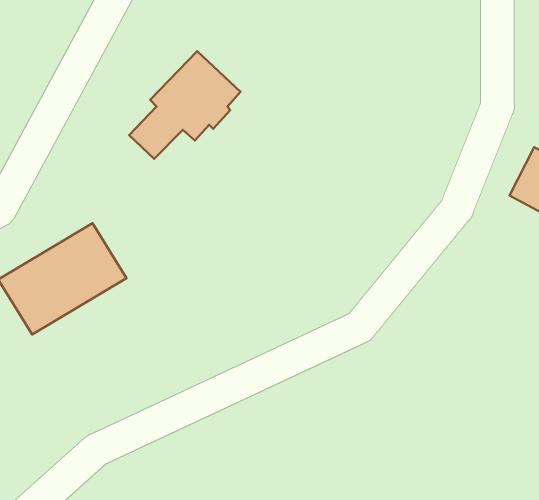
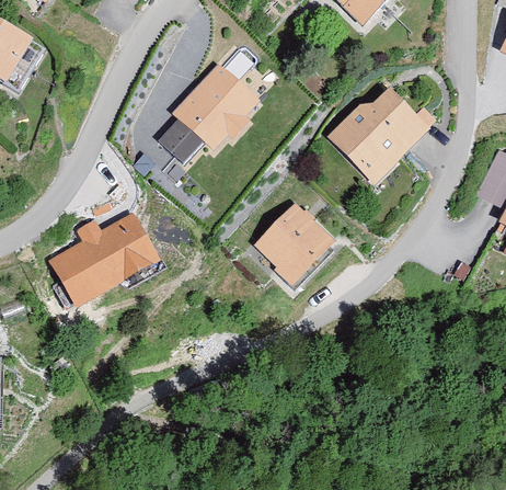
building: none -> [336,95,422,173]
building: none -> [260,205,331,280]

